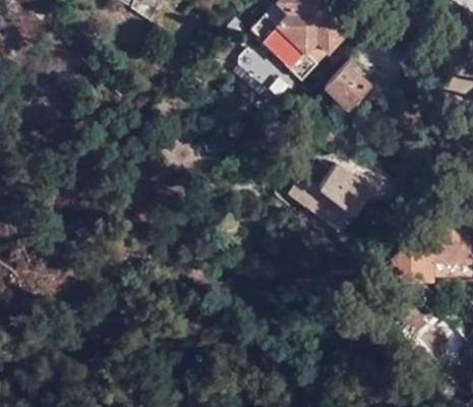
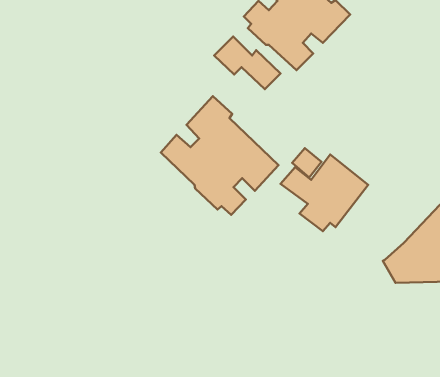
building: [327,59,372,110] -> none
building: none -> [161,96,278,215]

